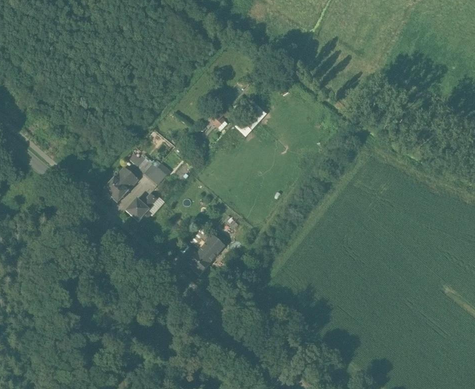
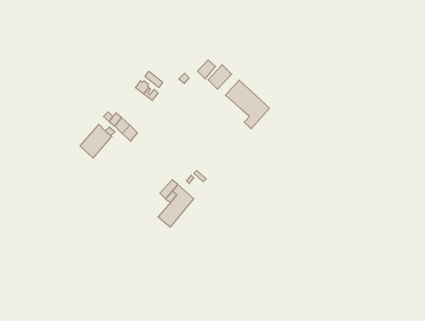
building: none -> [225,80,269,129]
building: [126,192,157,220] -> none

